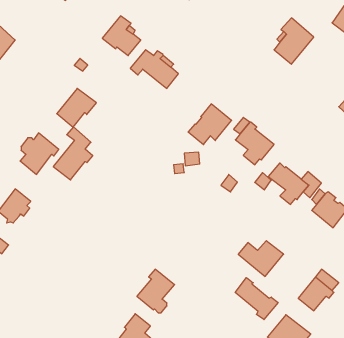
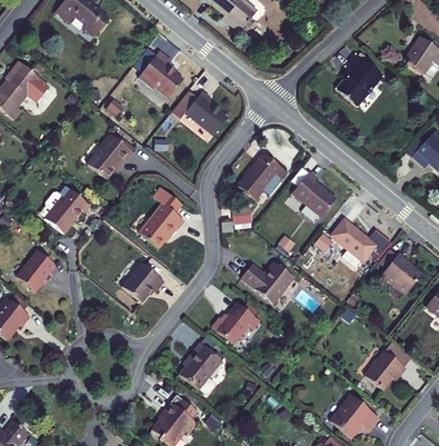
building: [53,127,93,180] -> [139,186,184,247]
building: none -> [122,262,164,301]
building: none -> [212,303,259,345]
building: [238,241,284,276] -> [241,262,293,304]
building: [235,278,278,320] -> none

